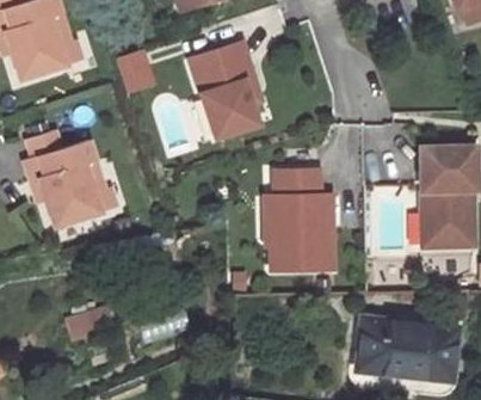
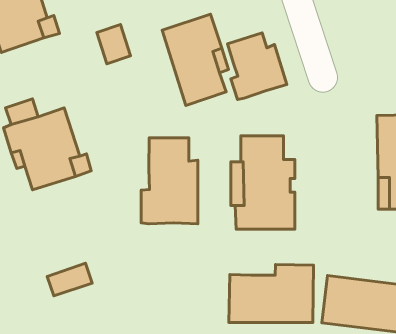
building: none -> [228,33,287,99]
building: none -> [141,138,198,224]
building: none -> [229,264,313,323]

